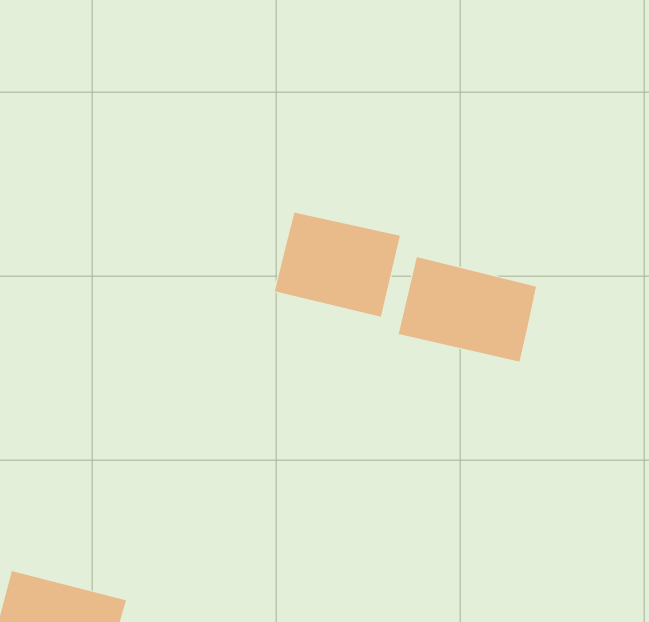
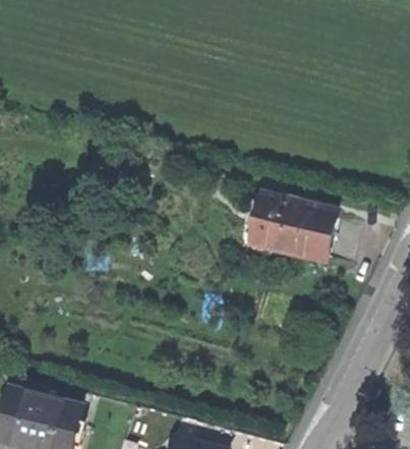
building: [274,212,400,318] -> none

